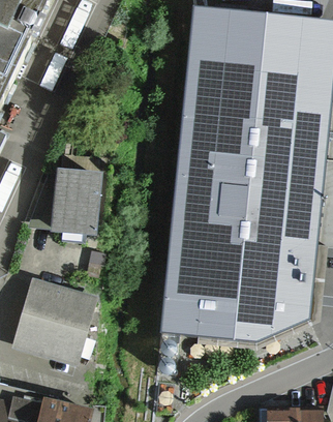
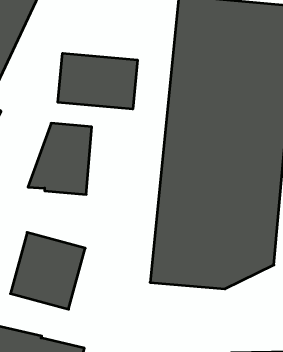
building: none -> [58,53,137,109]

